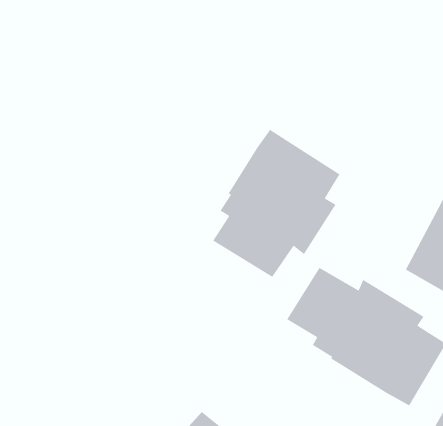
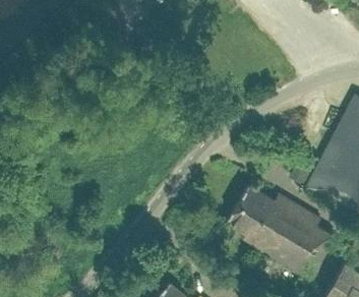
building: [212,129,340,278] -> none

